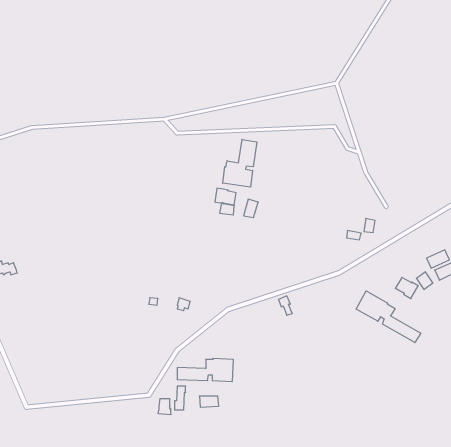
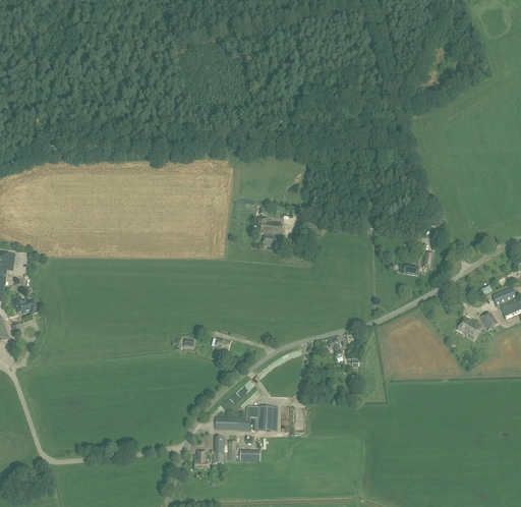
building: [223,139,257,187] -> none
building: [356,291,421,343] -> none

